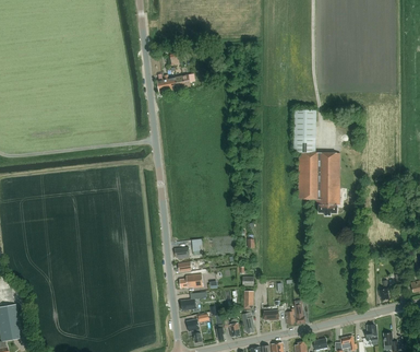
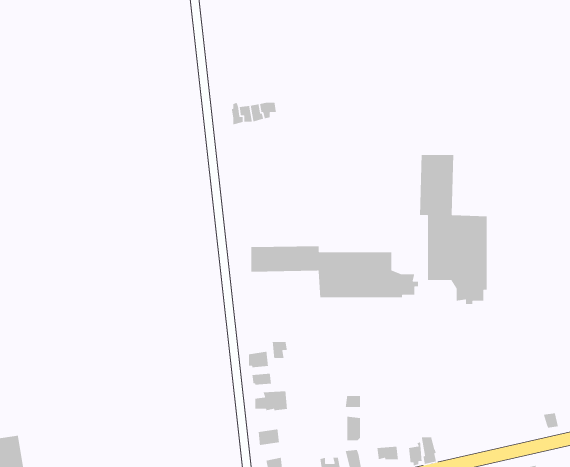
building: none -> [250,245,419,298]

